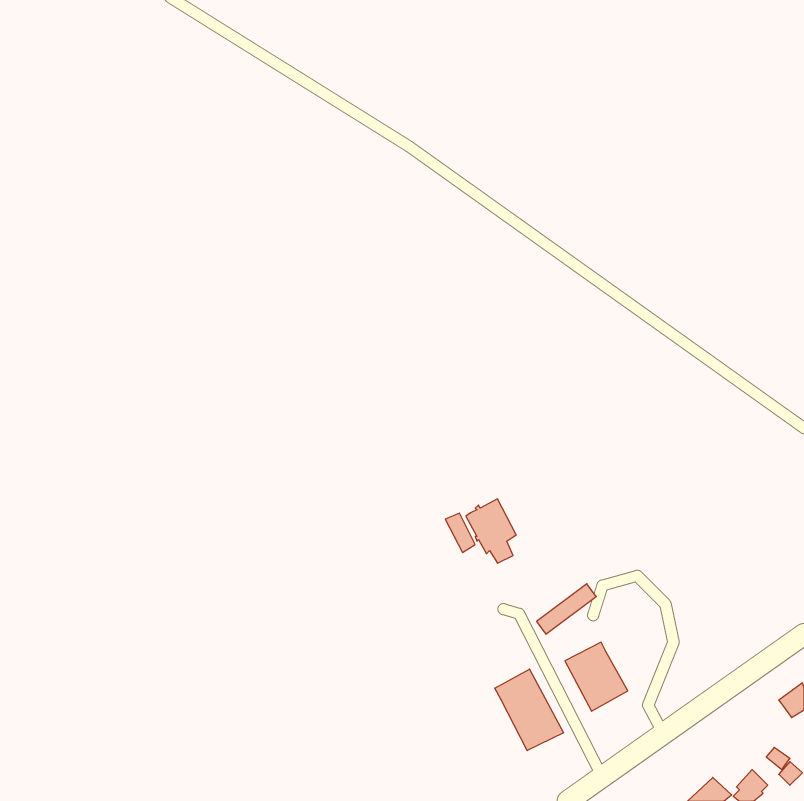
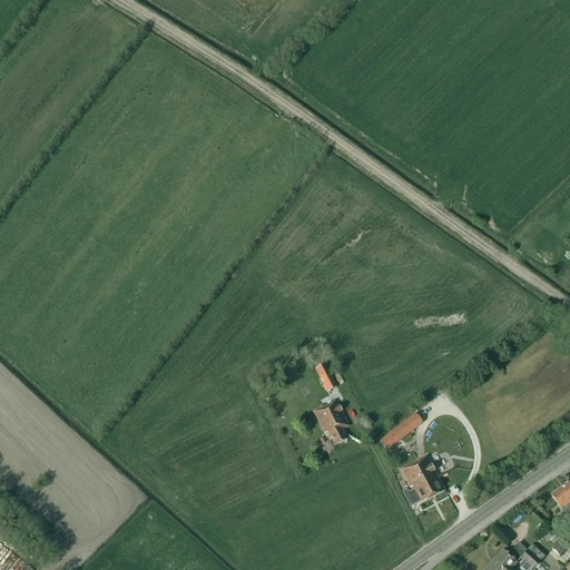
building: [466,499,516,563] -> [313,399,348,444]
building: [495,669,563,751] -> none

